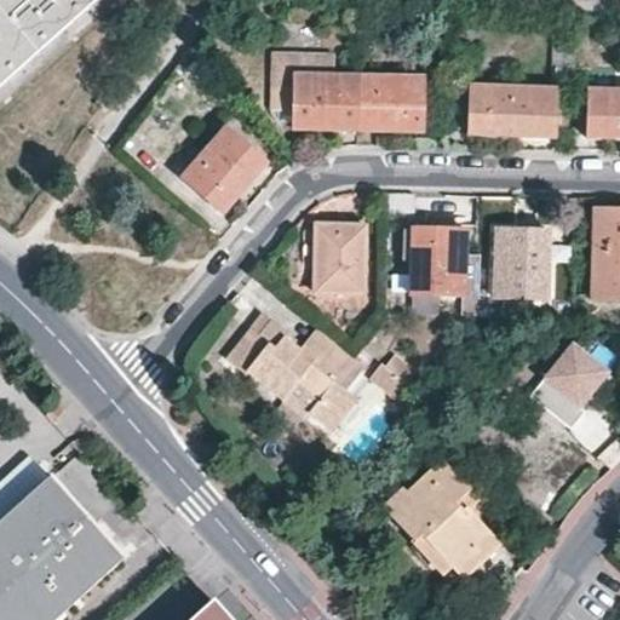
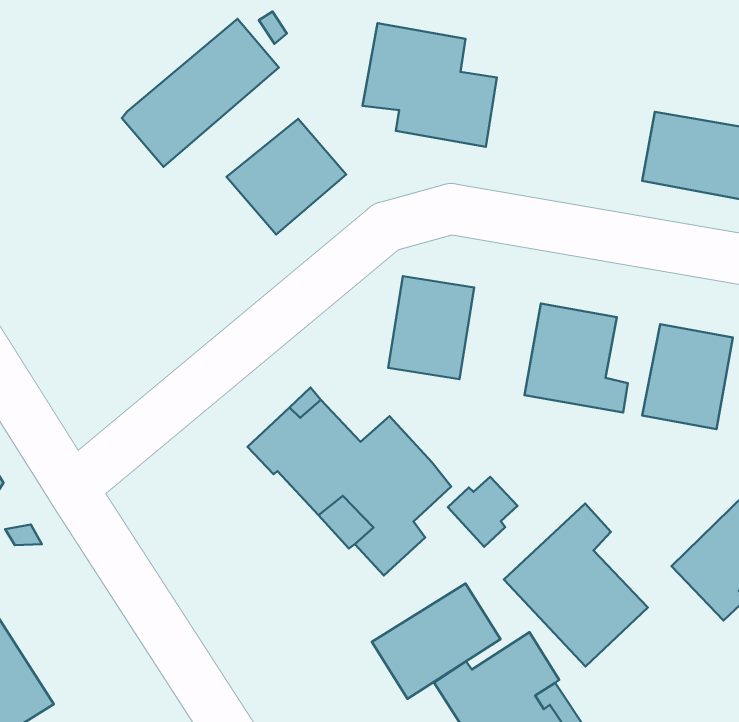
building: none -> [122,19,279,167]
building: [357,81,420,131] -> none
building: none -> [504,504,648,666]
building: none -> [372,584,501,699]

